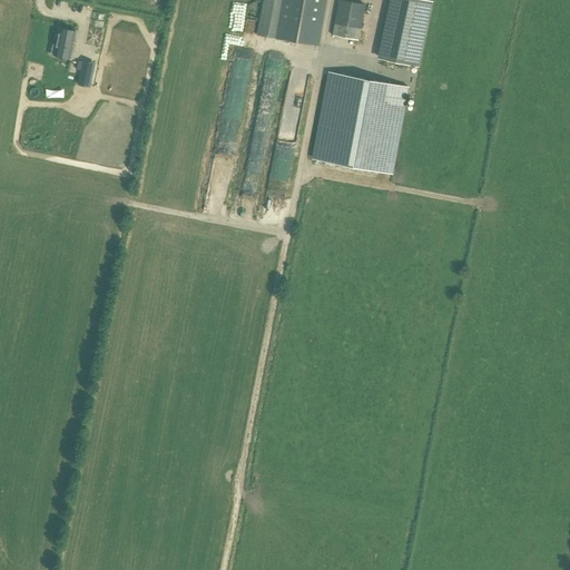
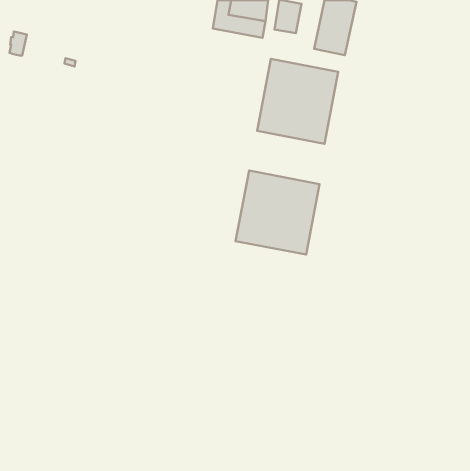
building: [53,29,75,58] -> [9,32,27,56]
building: none -> [235,171,320,255]

